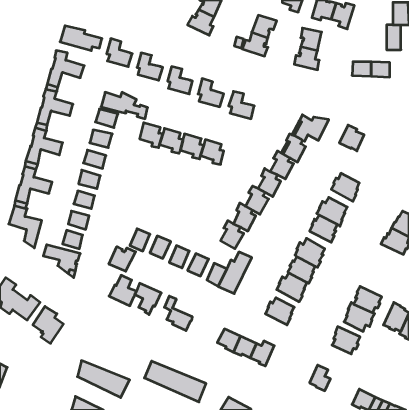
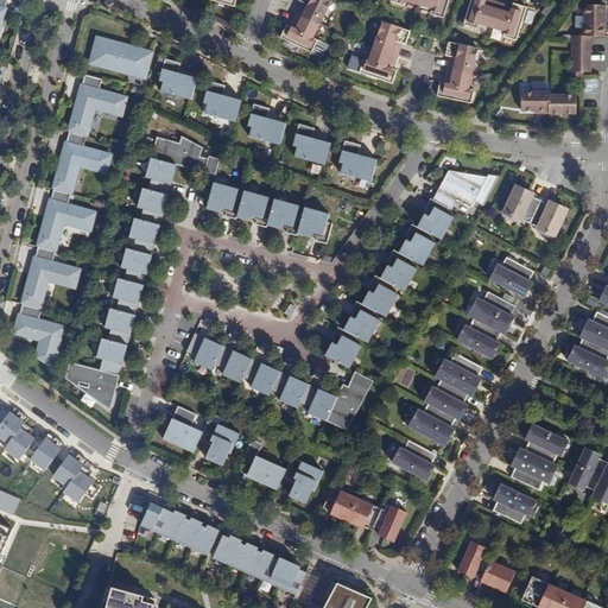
building: none -> [528,200,566,235]
building: [109,247,136,271] -> none
building: none -> [284,457,322,502]
building: [77,361,130,398] -> [141,502,218,557]
building: none -> [481,560,514,593]

